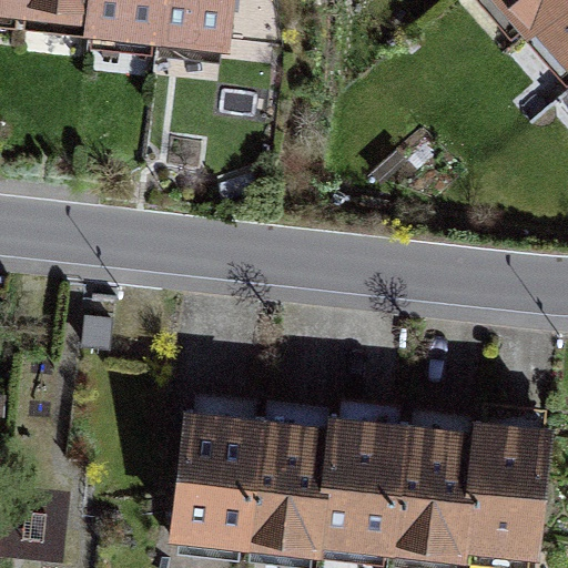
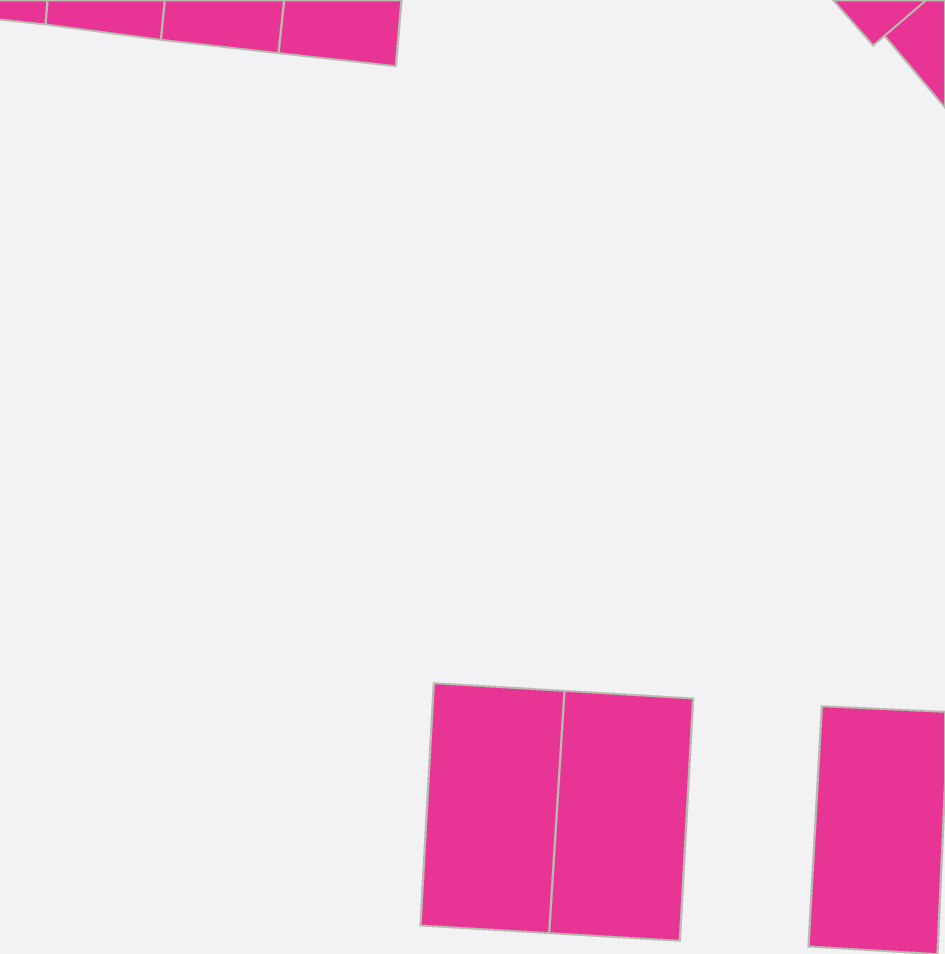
building: [171,405,254,550] -> none
building: [398,417,481,562] -> none

